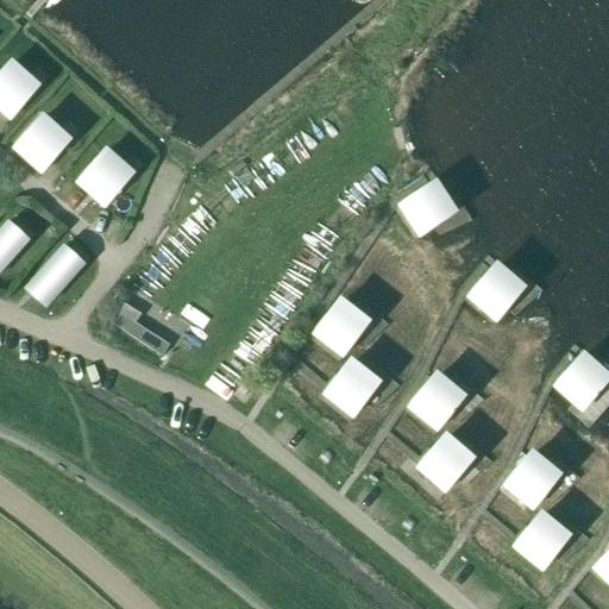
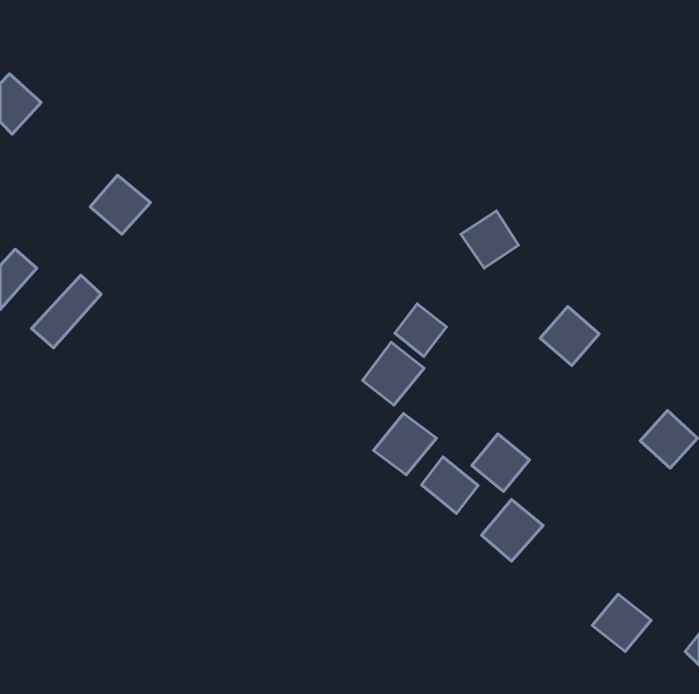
building: [15,118,68,170] -> none
building: none -> [395,304,446,356]
building: [108,300,167,352] -> none
building: none -> [421,457,478,513]
building: [506,454,557,506] -> none

